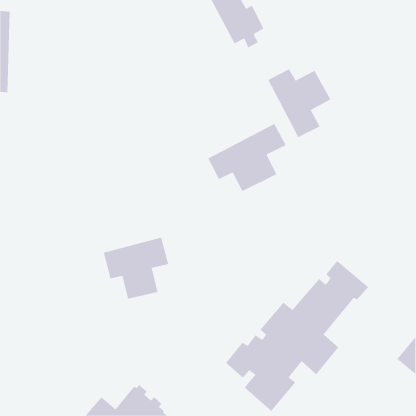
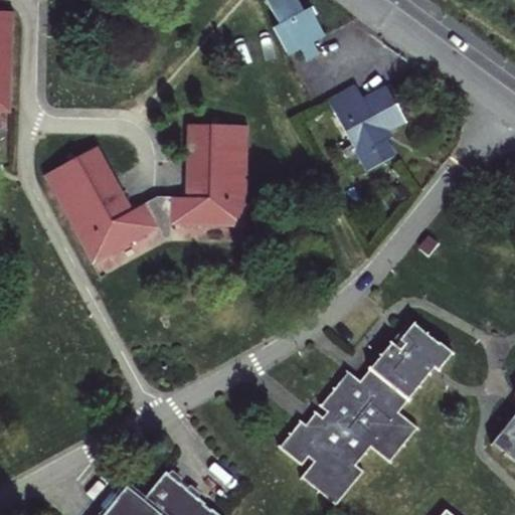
building: none -> [40,123,243,265]
building: [208,123,287,192] -> none
building: [103,237,169,299] -> none

